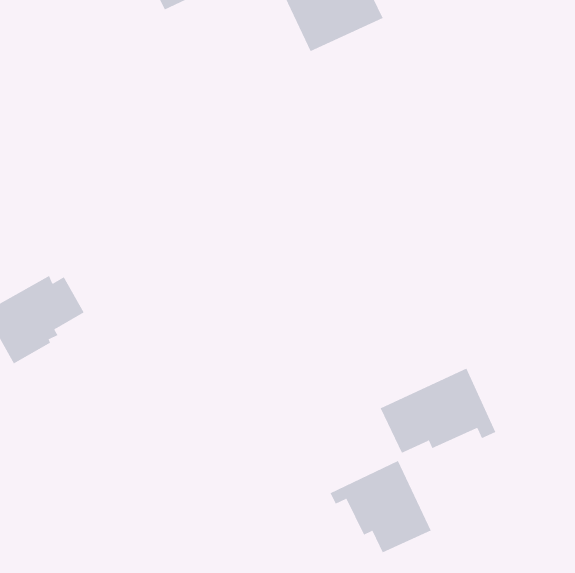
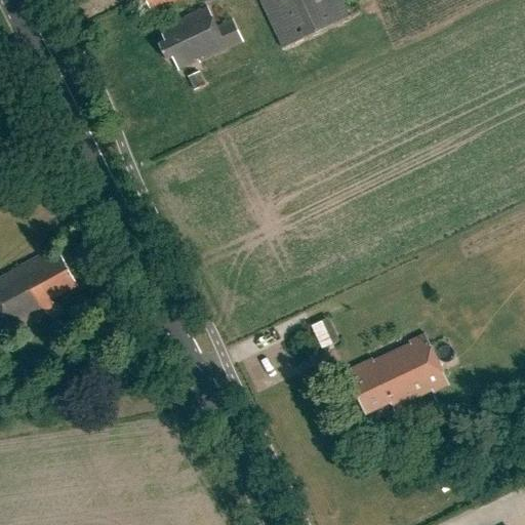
building: none -> [158,5,242,69]
building: [330,460,431,553] -> none

